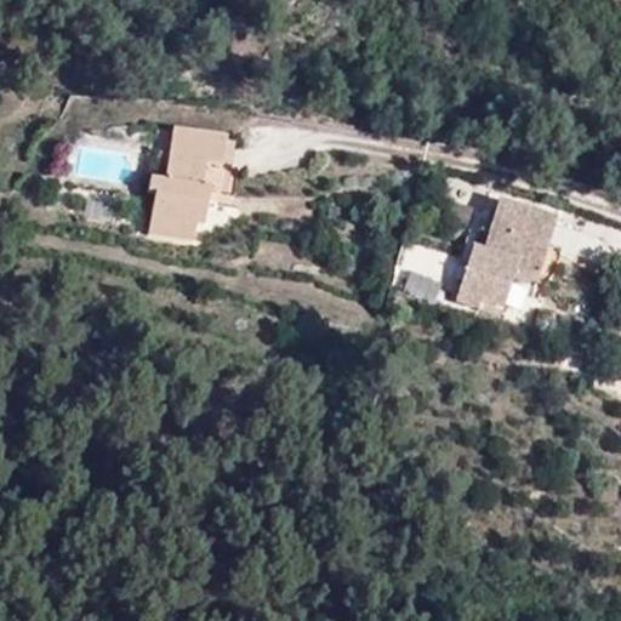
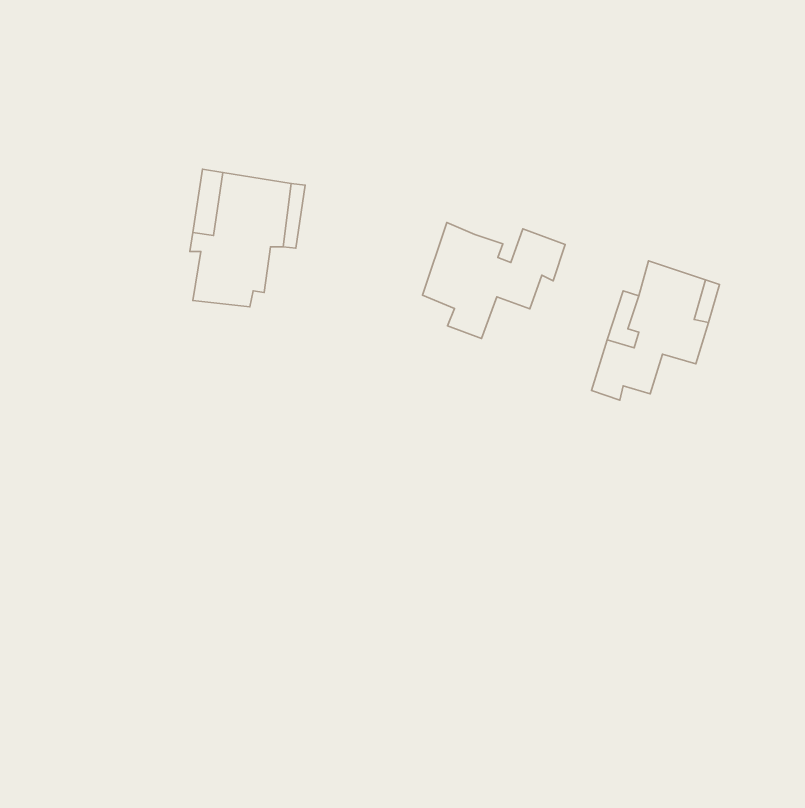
building: none -> [422,222,565,338]

